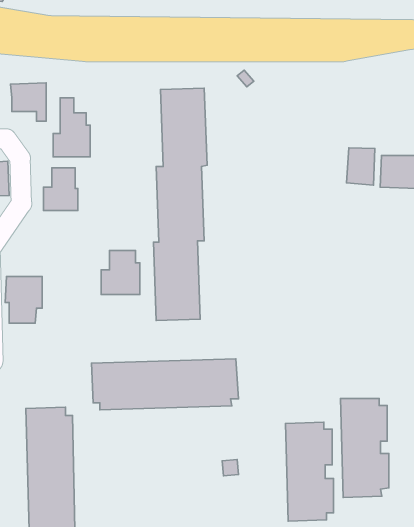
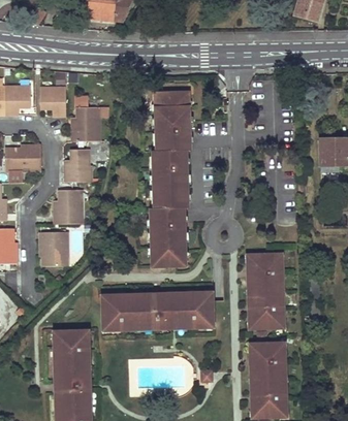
building: [347,148,375,185] -> none
building: [101,251,140,295] -> [53,191,82,224]
building: [341,399,389,498] -> [247,252,283,326]

